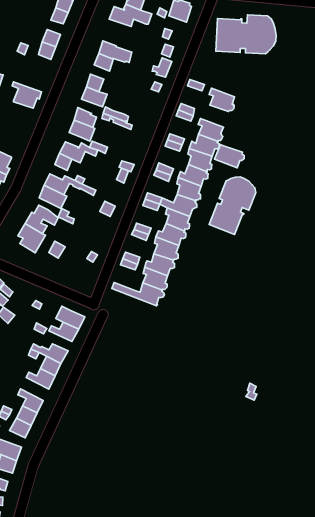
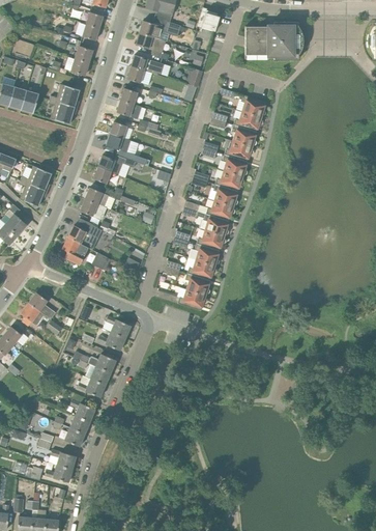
building: none -> [135,33,168,60]
building: none -> [49,84,80,108]
building: [214,145,244,168] -> [233,111,262,133]
building: [209,177,256,234] -> none

